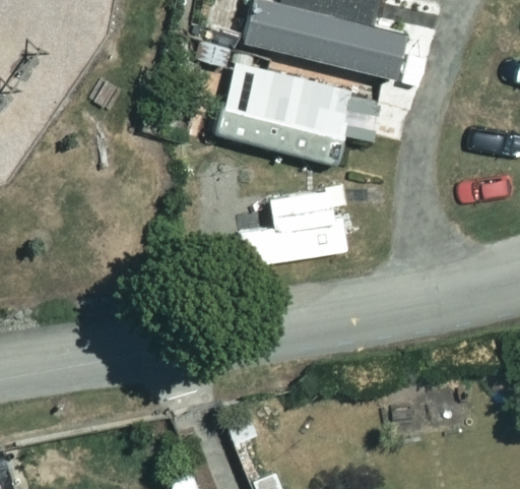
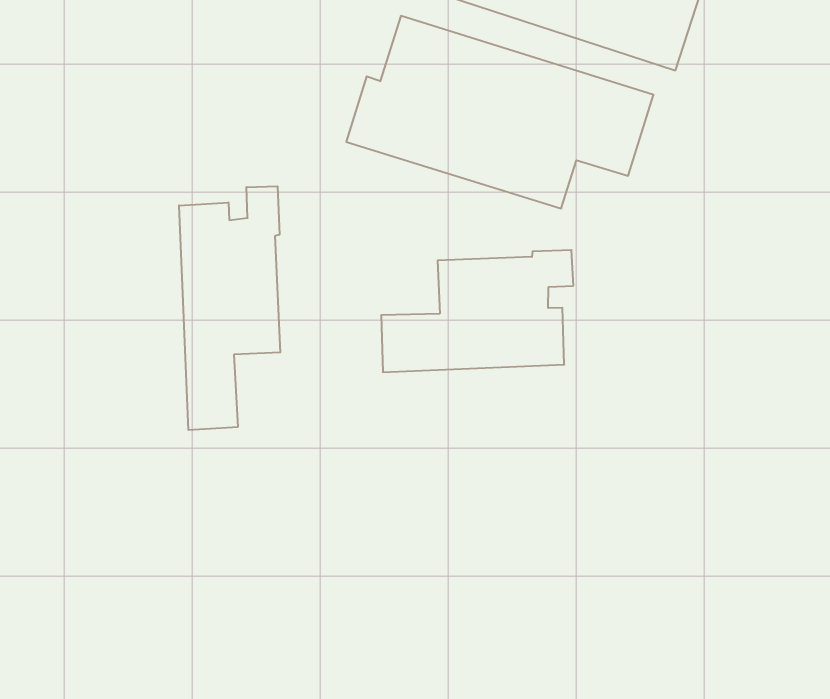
building: none -> [179,186,280,430]

